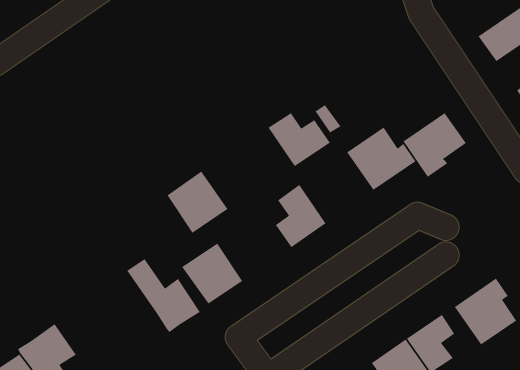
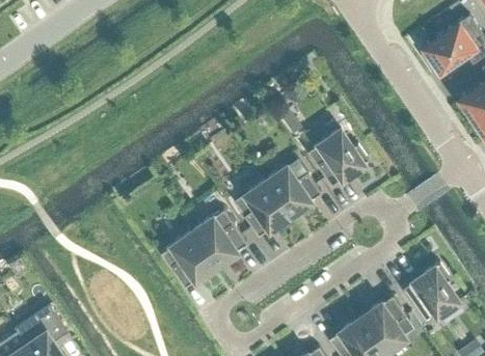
building: [403,112,467,178] -> none
building: [268,112,331,167] -> [267,167,323,216]
building: [166,171,228,234] -> [194,211,249,267]
building: [126,258,201,333] -> none

